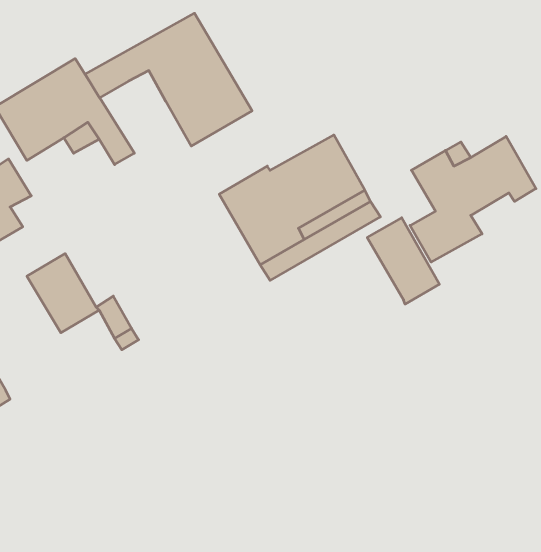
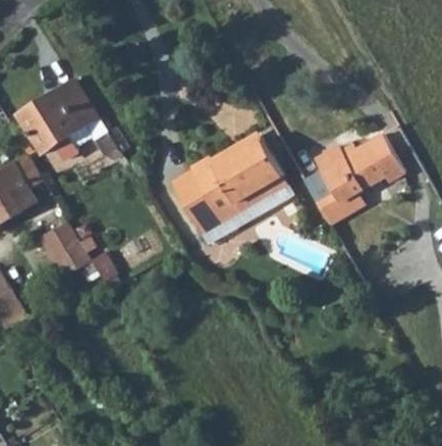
building: [85,13,252,146] -> none
building: [367,218,439,304] -> none

